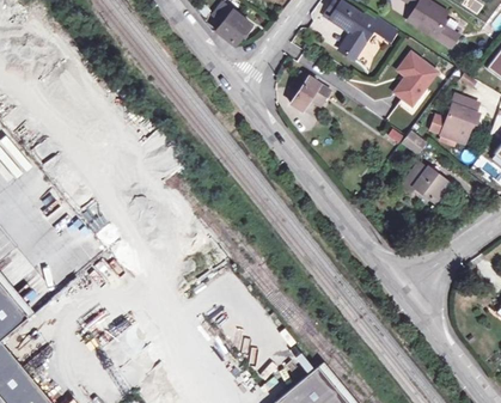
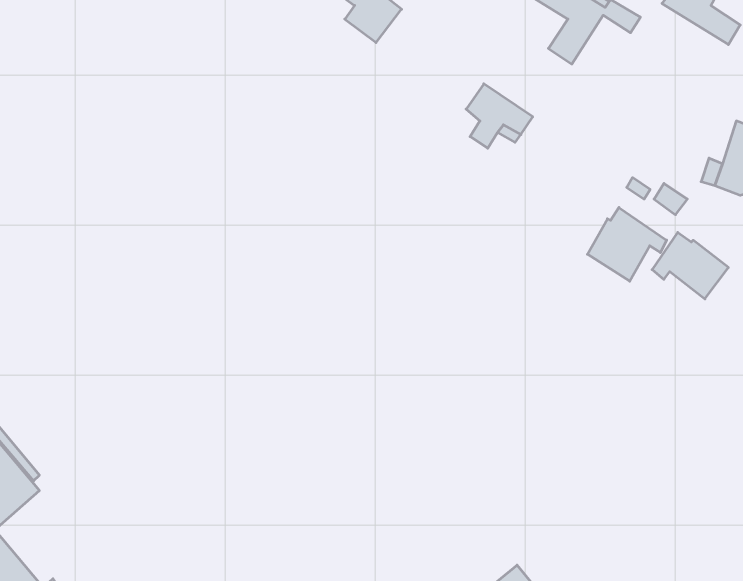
building: [393,53,436,105] -> none
building: none -> [587,207,667,281]

